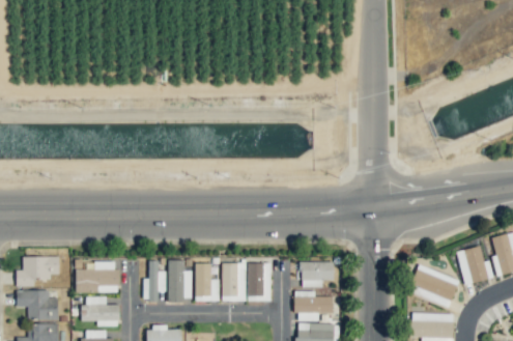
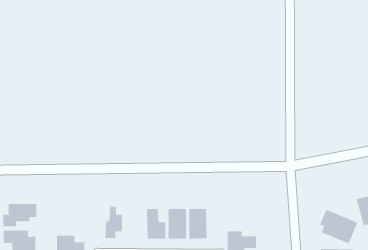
building: [168,259,192,301] -> none
building: [76,260,119,292] -> none
building: [300,260,334,287] -> none

